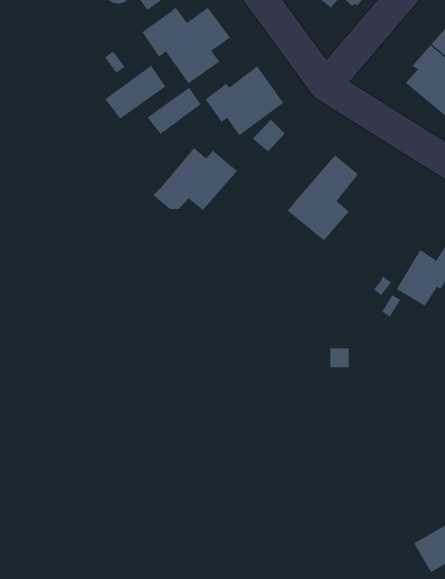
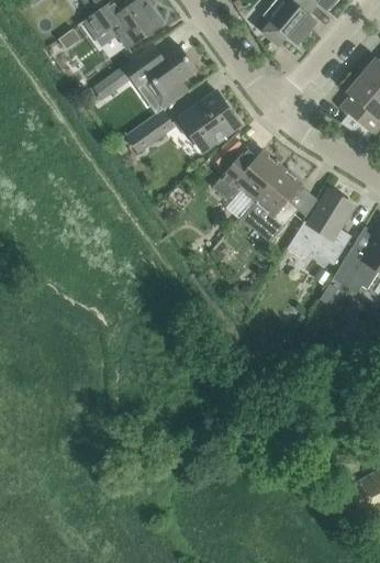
building: [104,65,166,120] -> none
building: [152,147,238,211] -> [212,146,282,199]
building: none -> [287,188,355,261]

